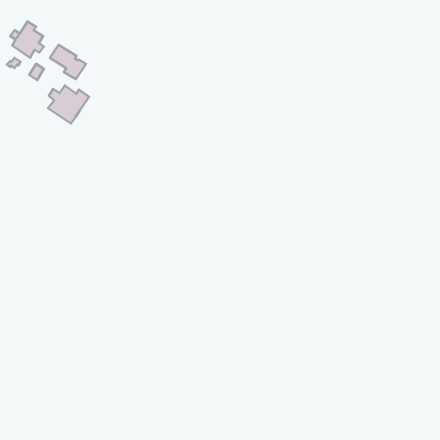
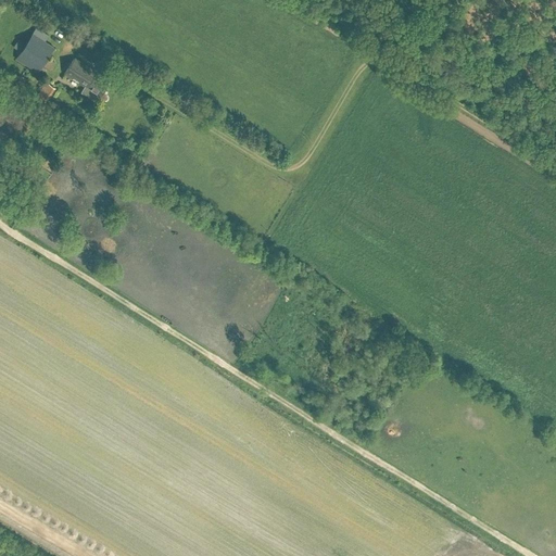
building: [48,86,89,123] -> none

